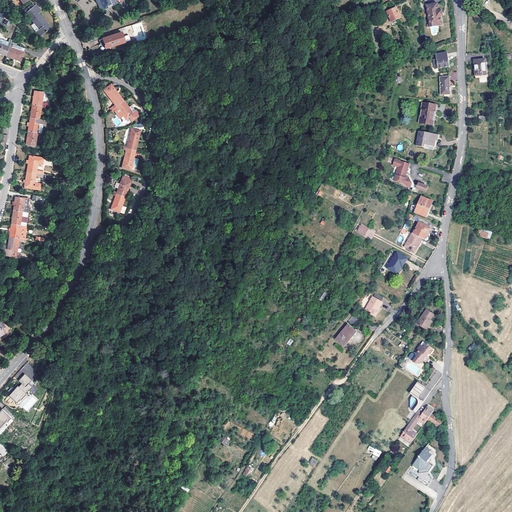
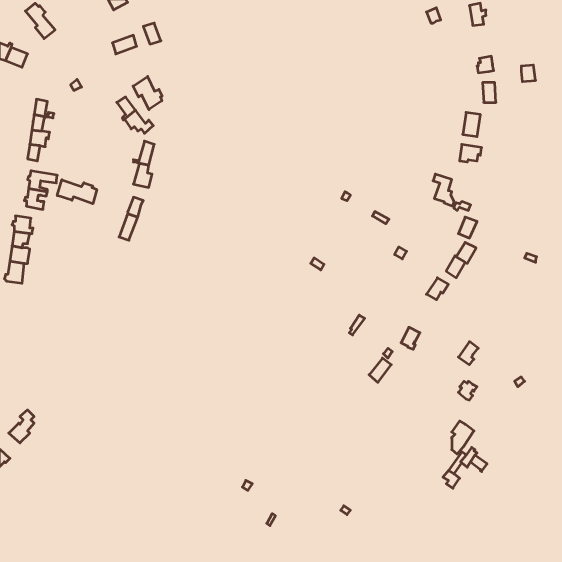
building: none -> [133,76,162,110]
building: none -> [57,180,97,204]
building: [413,447,432,484] -> none

